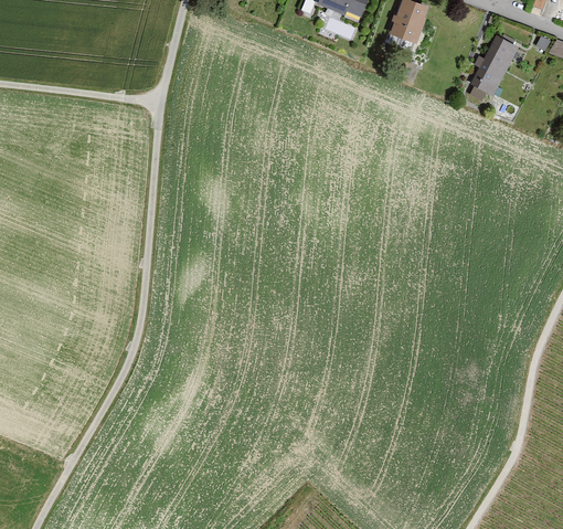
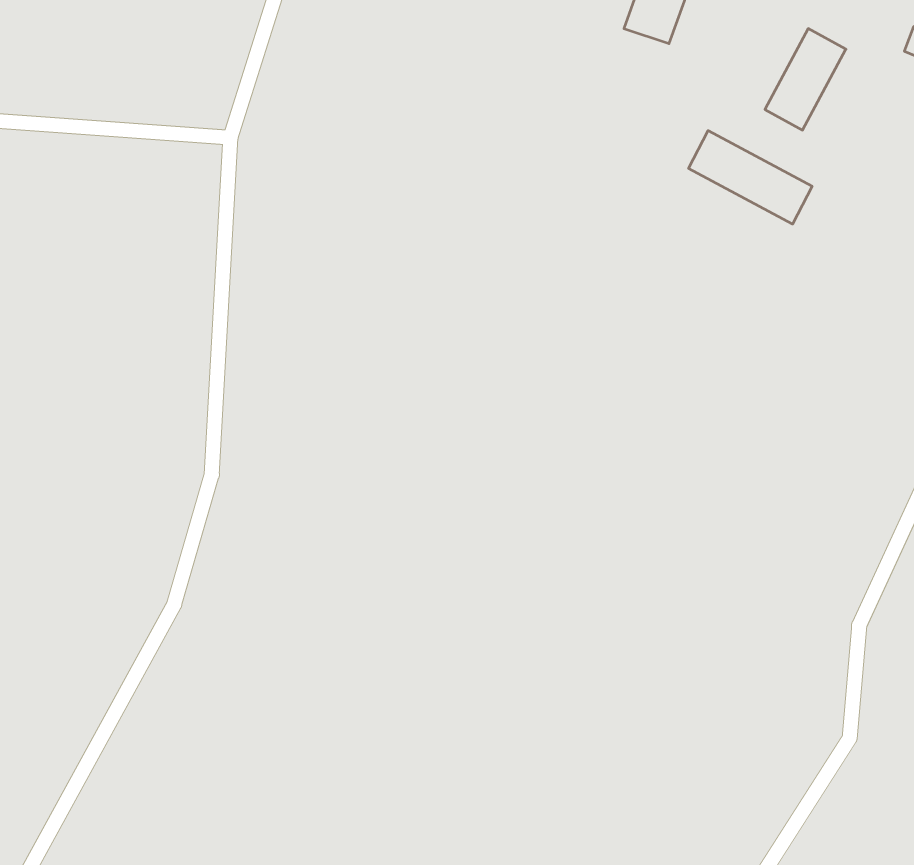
building: none -> [689,131,812,224]

